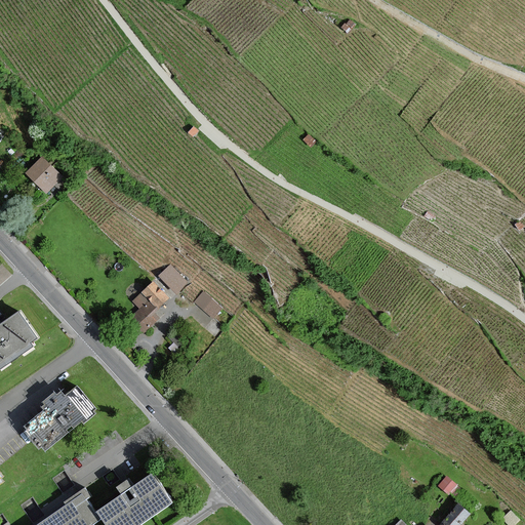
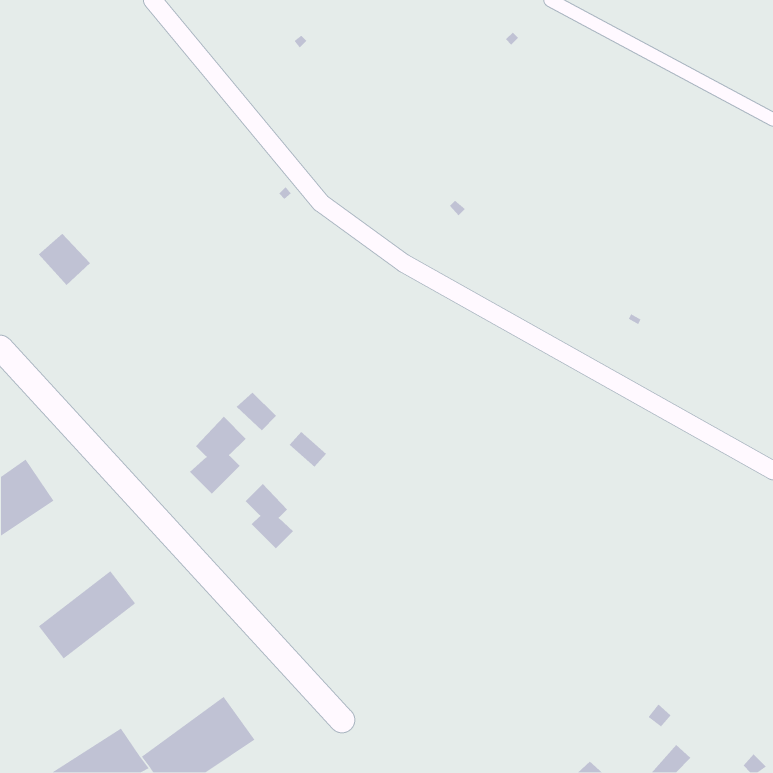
building: none -> [245,483,294,549]

